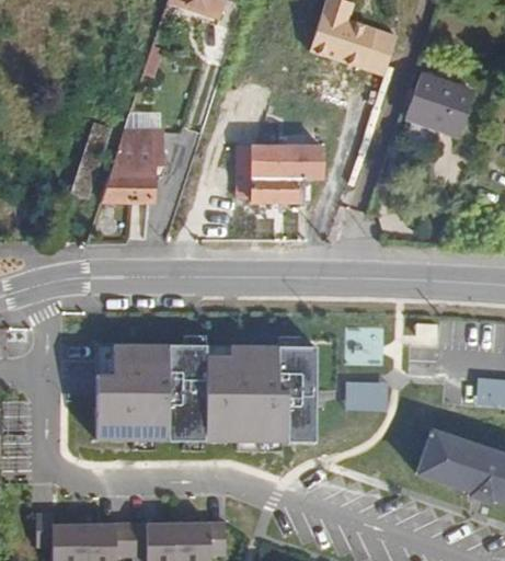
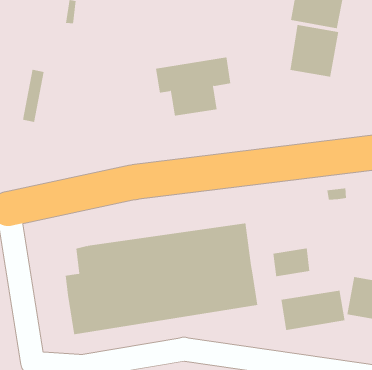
building: none -> [290,24,339,77]
building: [102,126,163,201] -> none
building: none -> [281,290,345,331]

